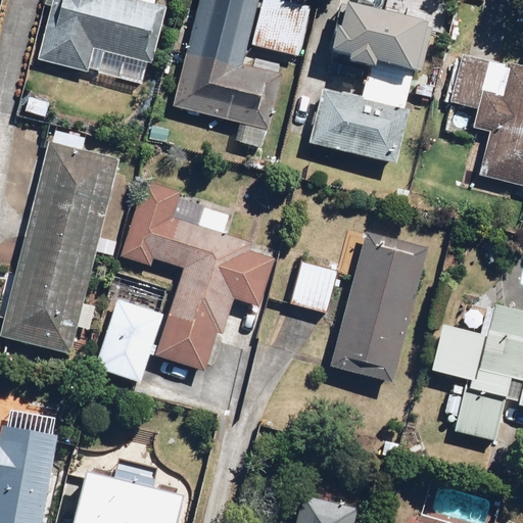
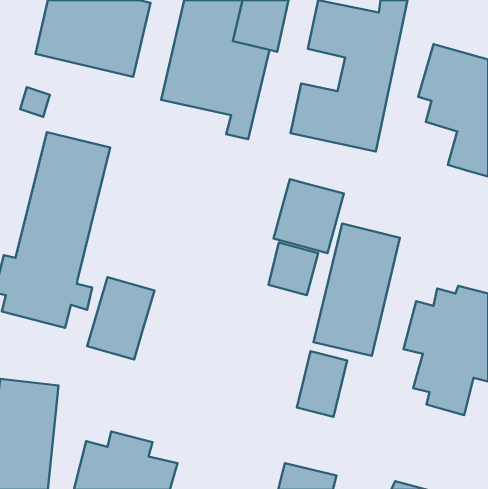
building: [117,183,275,372] -> none
building: none -> [274,179,344,253]
building: none -> [297,351,347,417]

